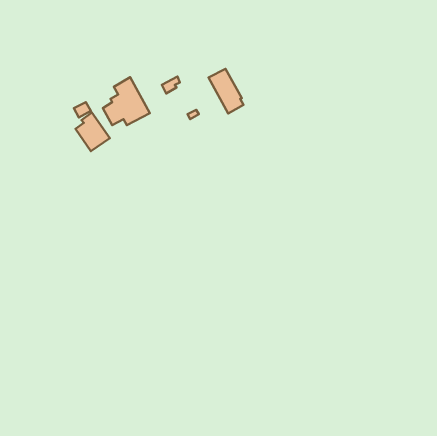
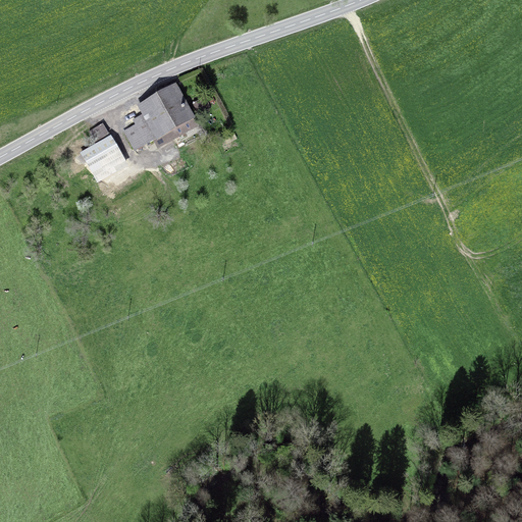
building: [208,69,244,113] -> [155,82,197,135]

